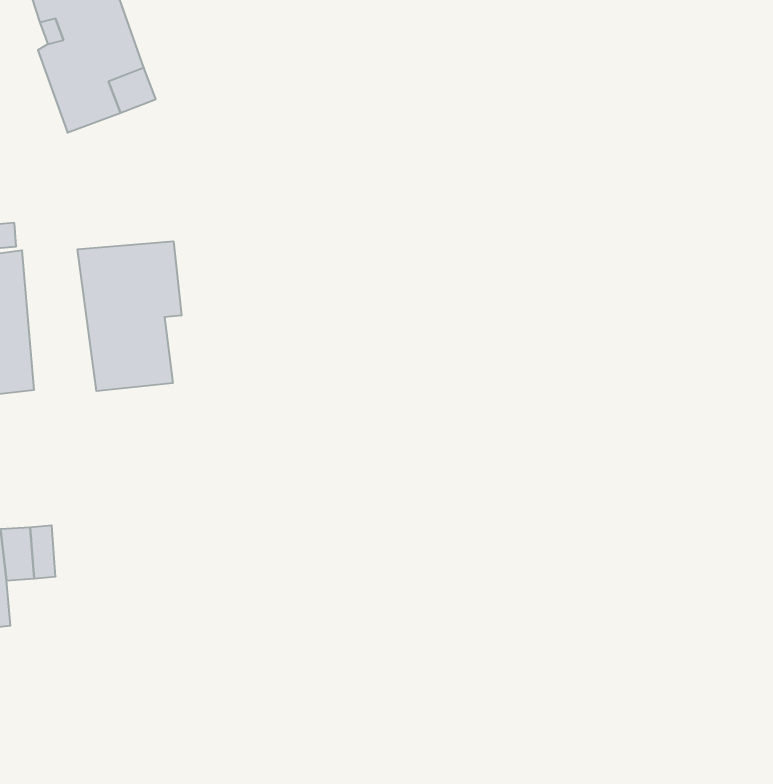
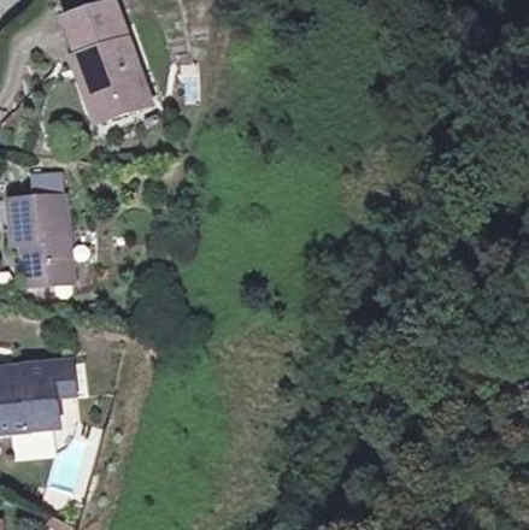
building: [78,241,181,391] -> none

